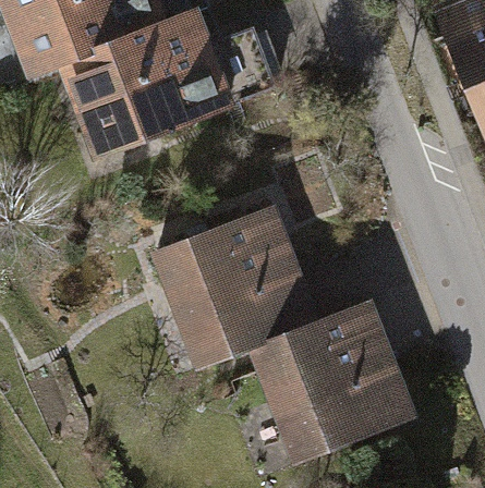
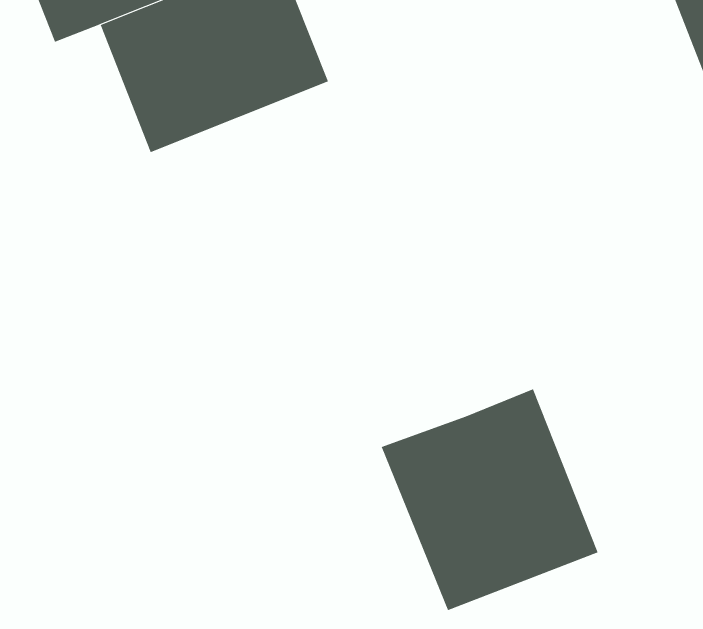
building: [159,208,314,366] -> none

